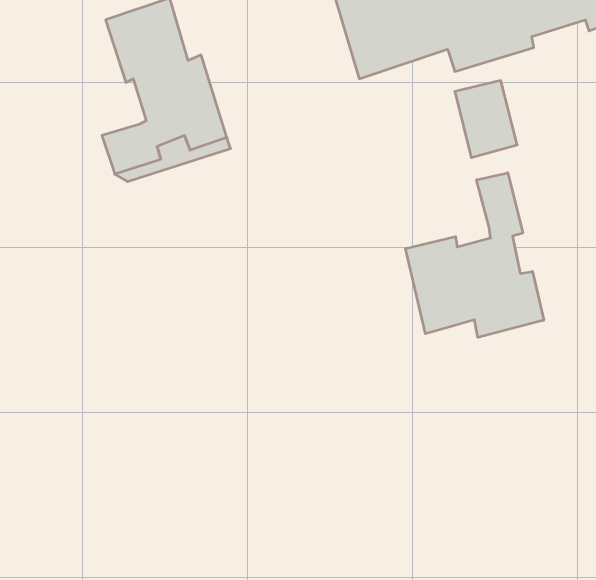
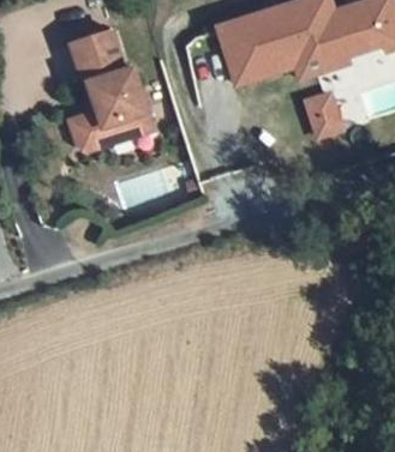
building: [405,173,544,337] -> none

